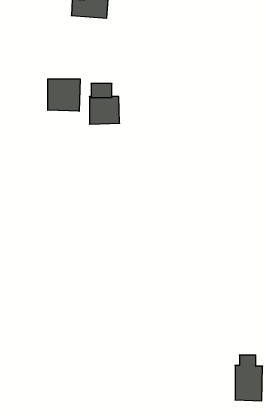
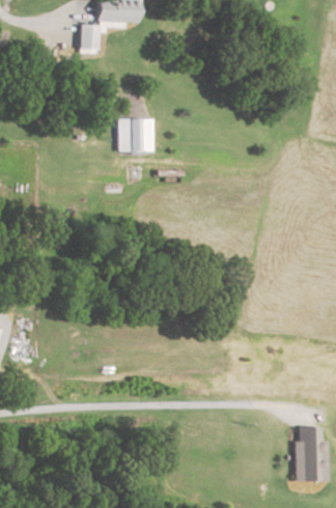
building: none -> [80,26,100,53]
building: [48,79,80,111] -> none

